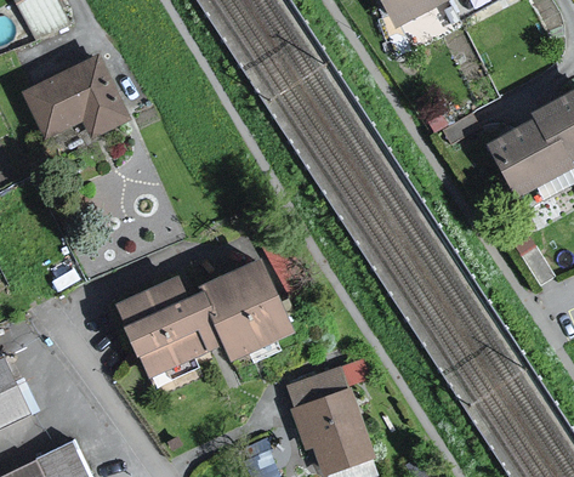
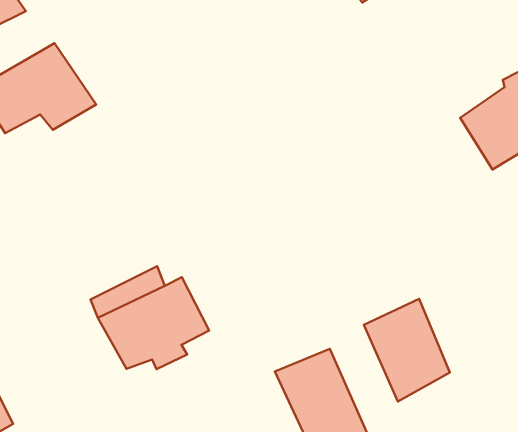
building: [203,256,296,356] -> none
building: none -> [364,299,450,401]

